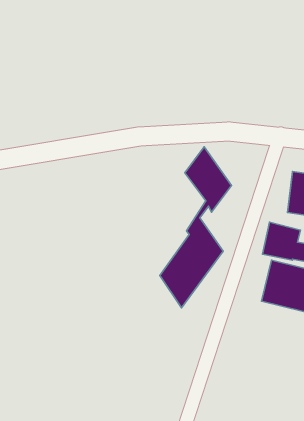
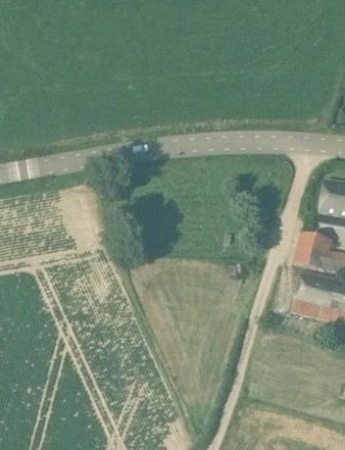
building: [160,147,231,308] -> none

